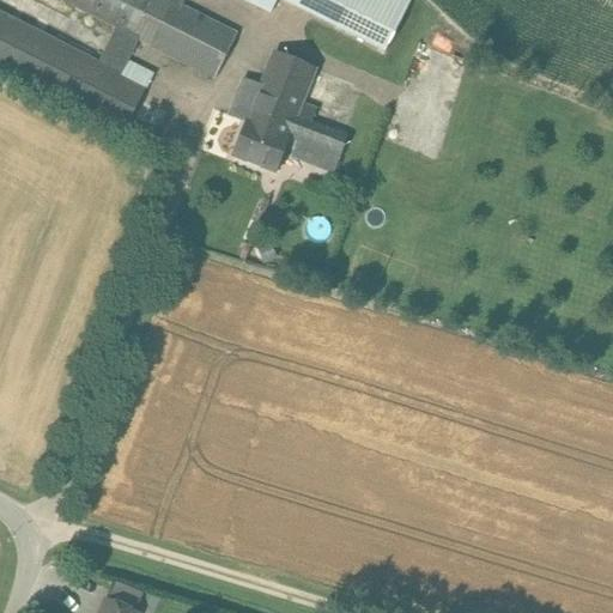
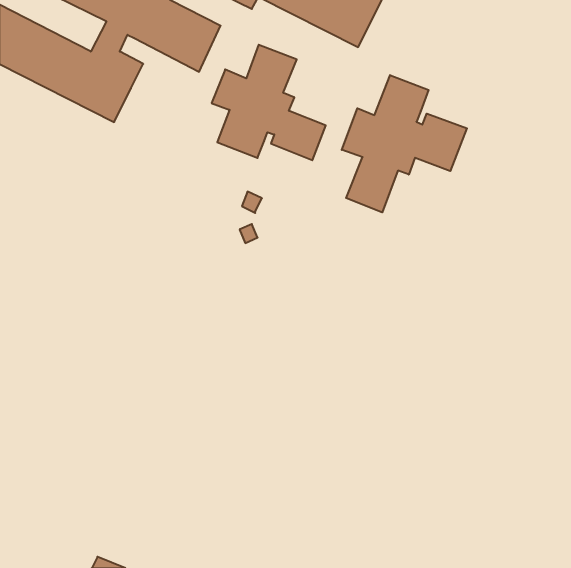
building: none -> [342,75,467,212]

